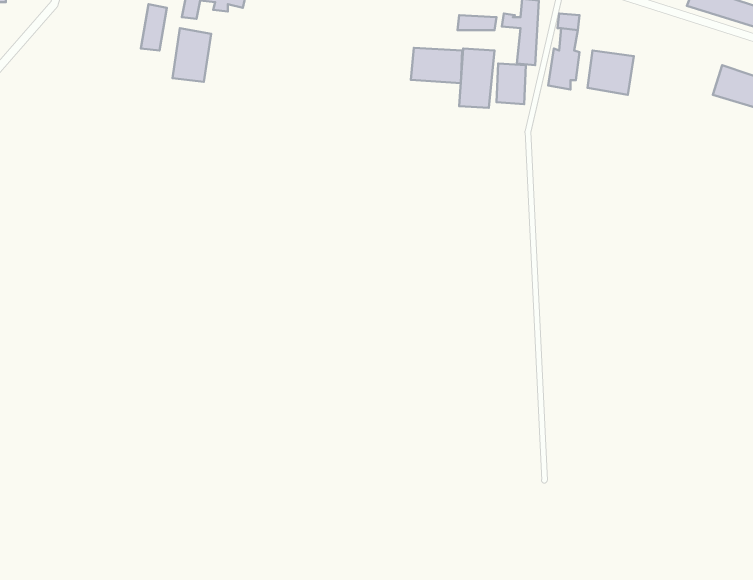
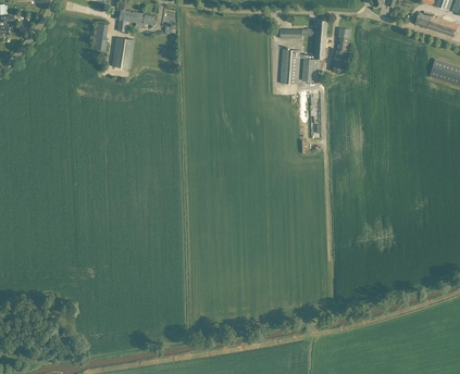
building: [411,48,462,83] -> none
building: [587,51,634,95] -> none

